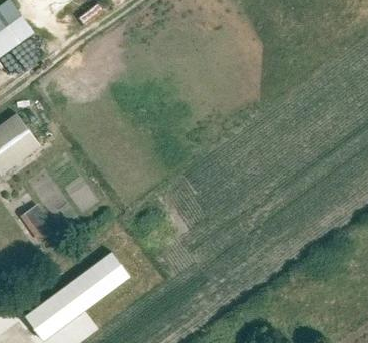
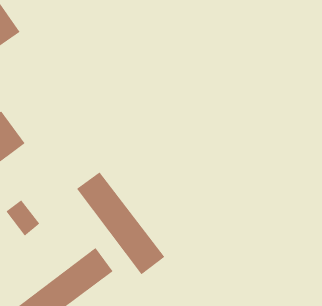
building: none -> [76,171,165,275]

